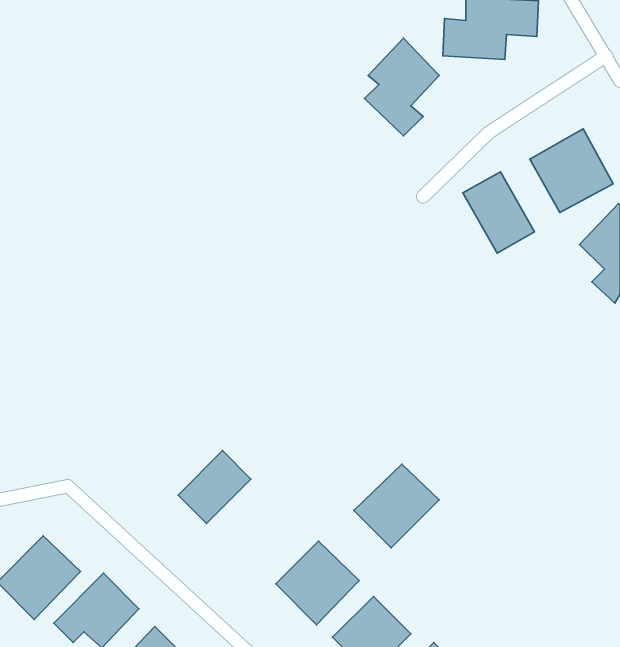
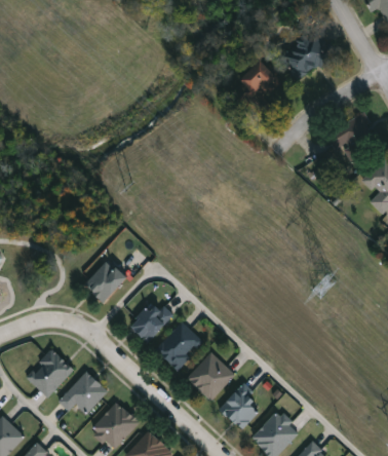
building: [463,172,534,253] -> none
building: none -> [84,259,126,302]
building: [354,464,439,548] -> [155,321,204,370]

